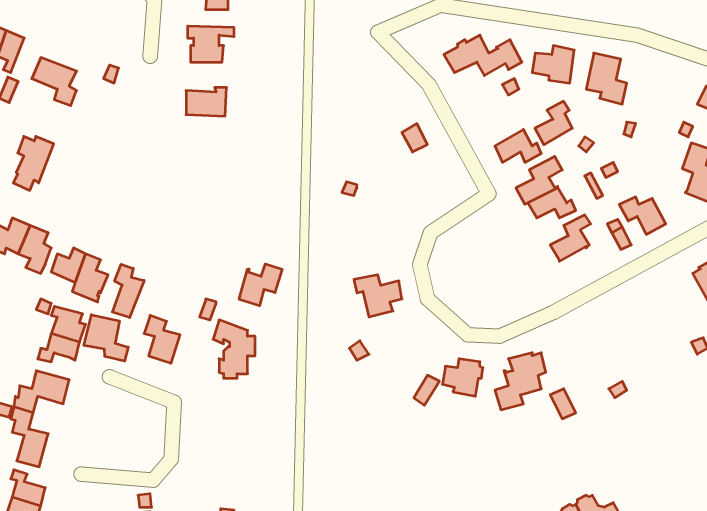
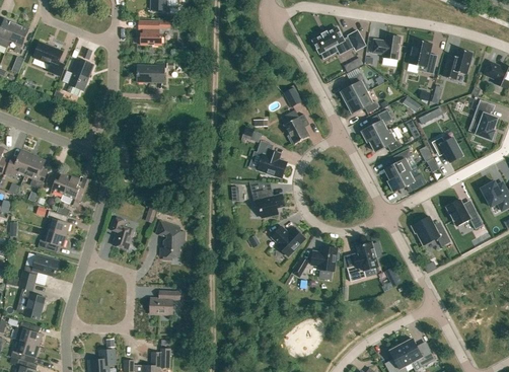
building: none -> [443,48,472,78]
building: [535,101,572,145] -> [341,72,366,101]
building: [13,136,54,190] -> [67,59,94,95]
building: none -> [284,108,308,143]
building: none -> [257,140,286,176]
building: none -> [387,169,426,191]
building: [239,264,282,306] -> none
building: [112,264,144,318] -> none
building: none -> [446,199,484,228]
building: none -> [412,215,451,245]
building: [84,315,128,361] -> none
building: none -> [271,225,305,254]
building: none -> [150,290,179,313]

